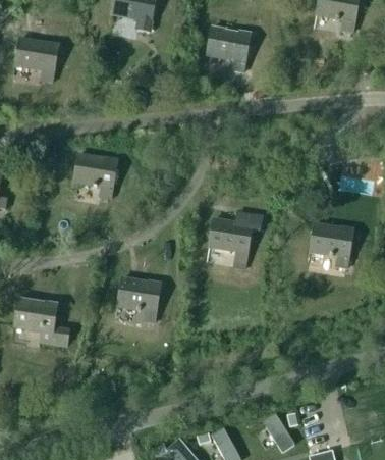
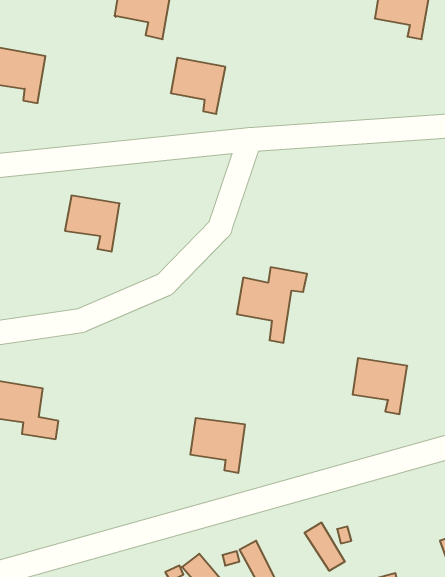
building: [208,29,251,72] -> [171,58,225,114]
building: [311,224,353,268] -> [353,358,407,414]
building: [117,279,160,322] -> [190,418,245,473]

